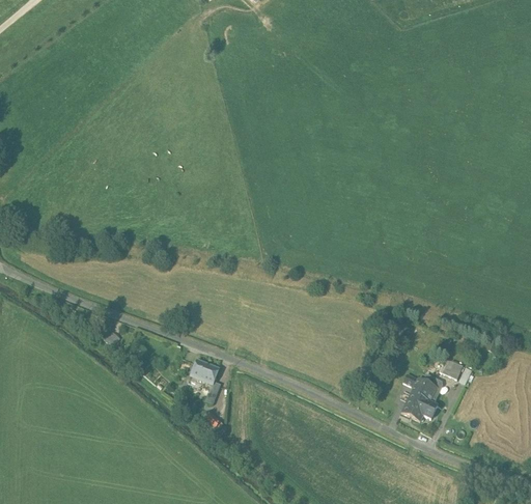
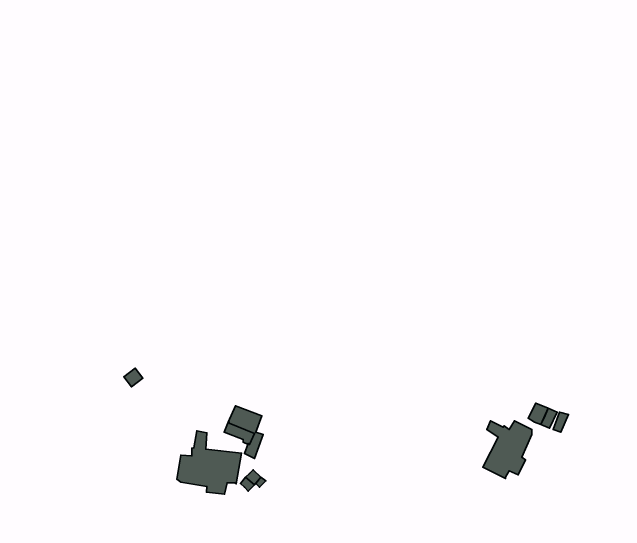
building: none -> [177,431,242,494]

